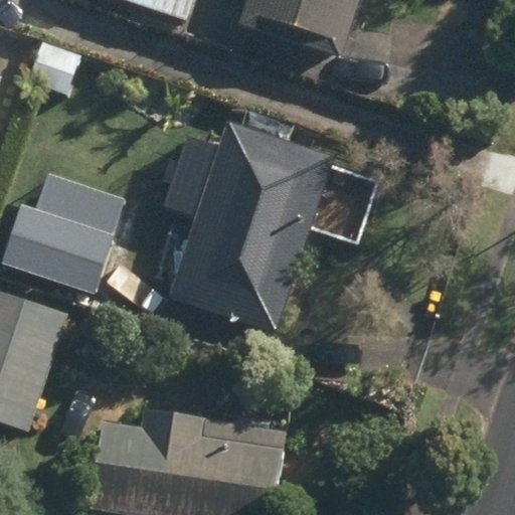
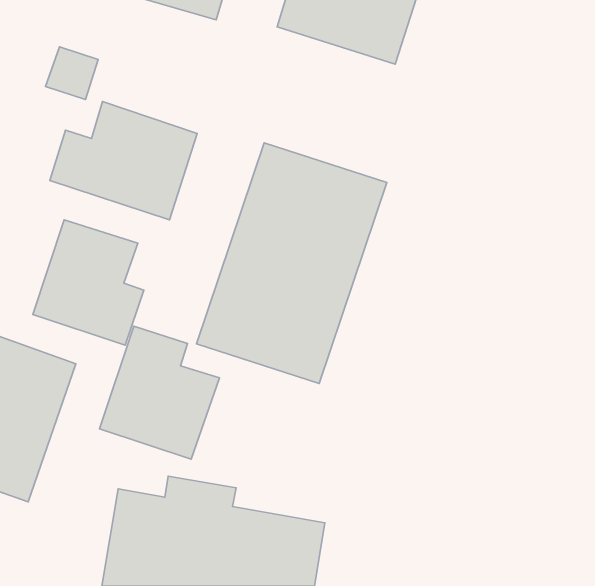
building: none -> [50,102,197,220]
building: none -> [99,326,219,459]

